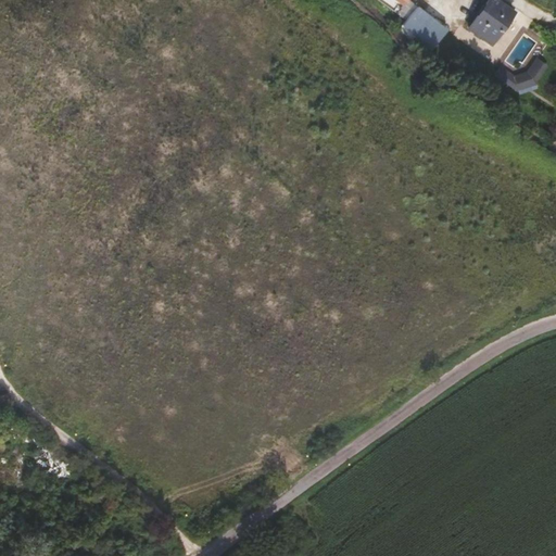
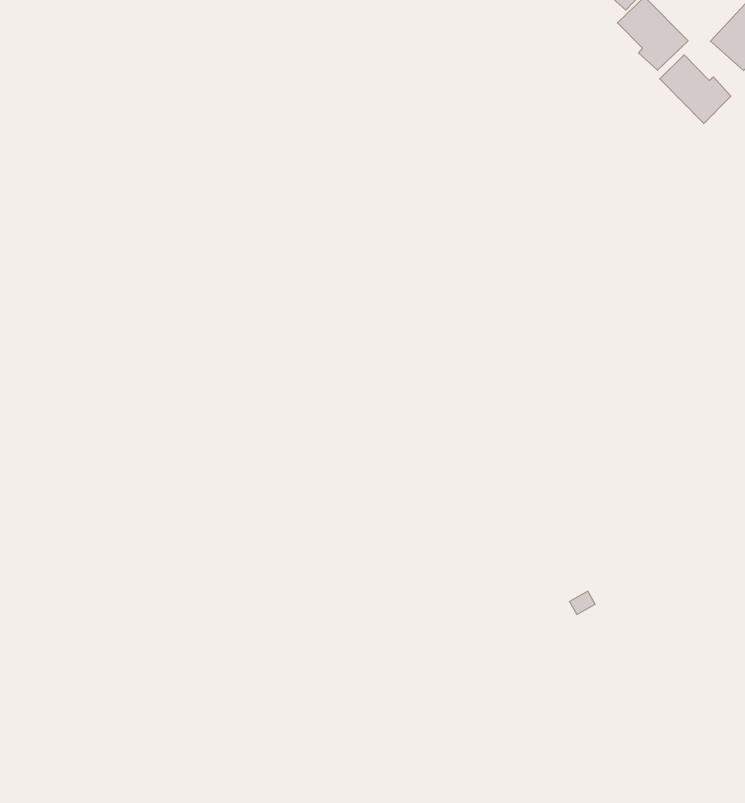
building: none -> [660,55,731,124]

